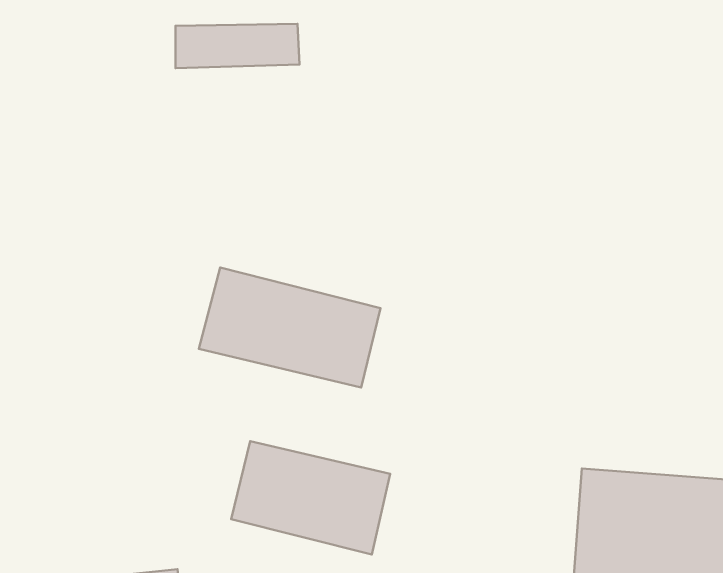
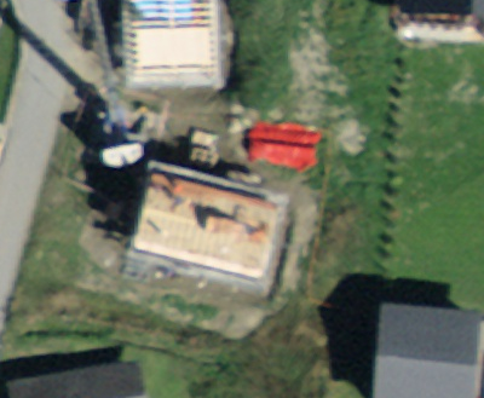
building: [231,441,390,554] -> none

